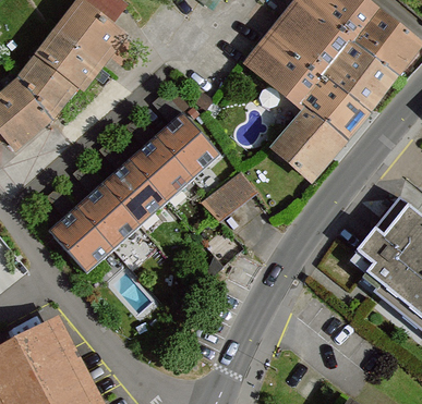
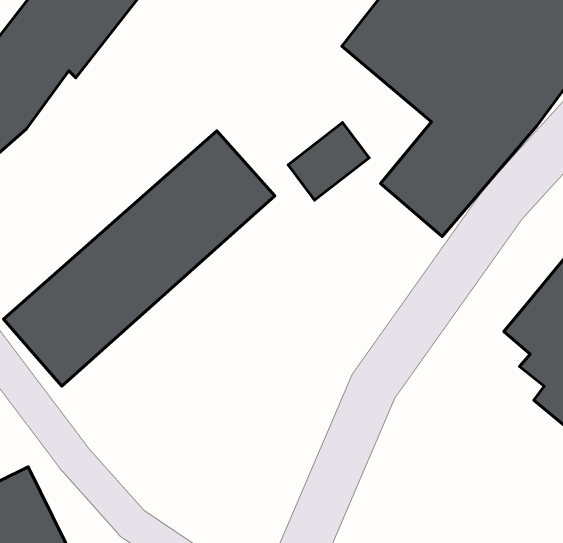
building: [205,170,255,218] -> [288,123,369,200]

